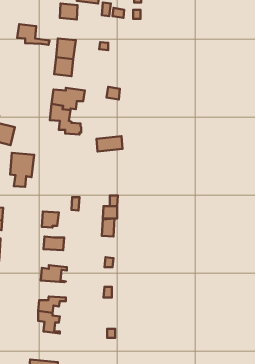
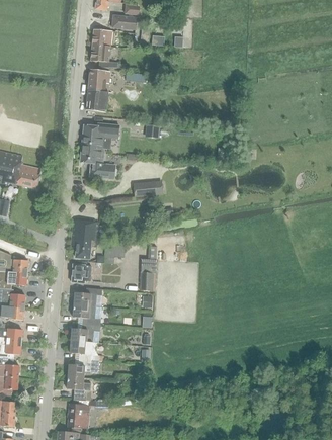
building: [17,24,50,45] -> [89,46,126,69]
building: [10,153,34,187] -> [71,219,98,258]
building: none -> [72,306,100,327]
building: none -> [69,342,99,361]
building: none -> [67,399,108,427]

